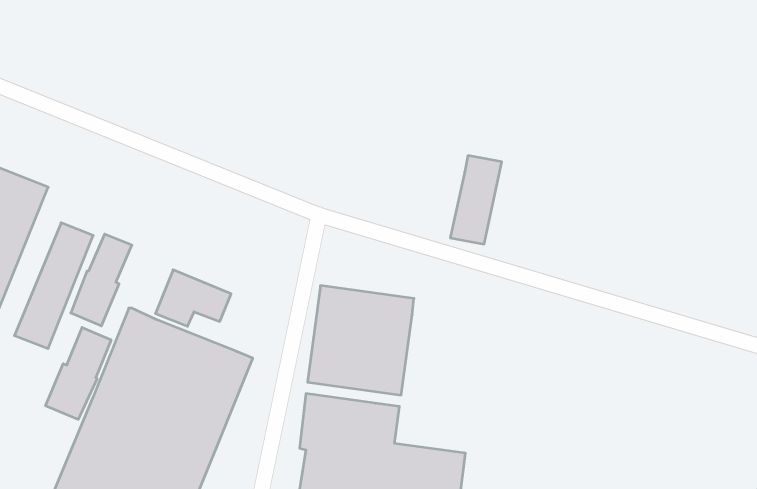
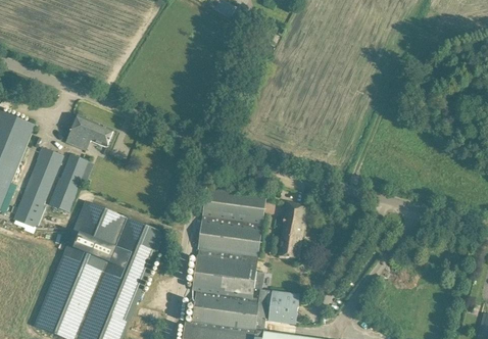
building: [450,156,502,244] -> [275,201,307,257]
building: [155,270,231,326] -> [64,114,112,150]
building: [46,327,111,419] -> none

